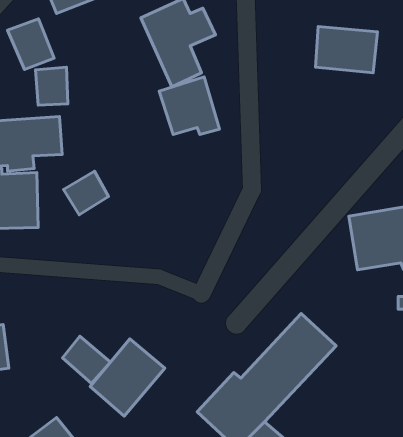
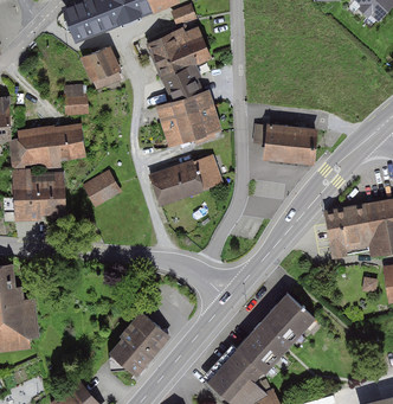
building: [8,19,54,69] -> [80,46,120,89]
building: [315,26,377,73] -> [260,123,313,162]
building: none -> [150,156,225,207]
building: [63,336,110,383] -> none

